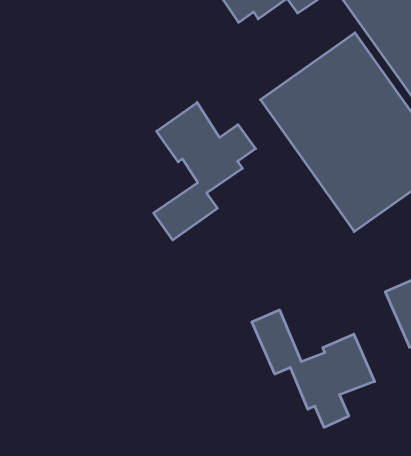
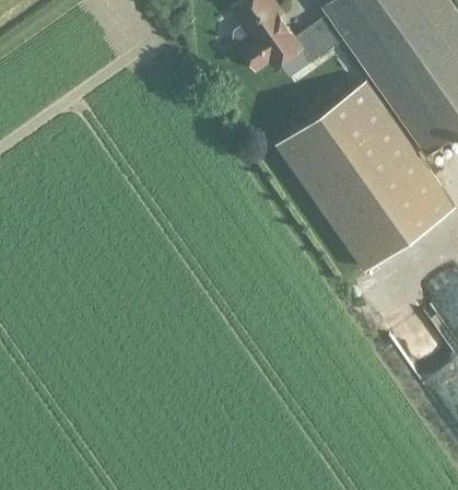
building: [154,102,256,240] -> none
building: [252,310,375,427] -> none

